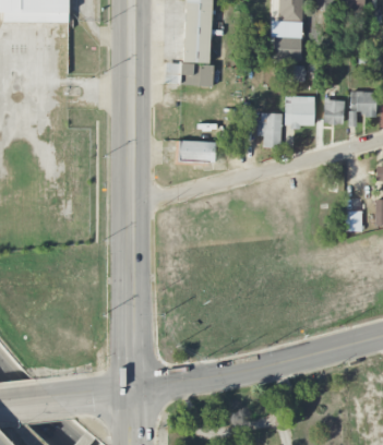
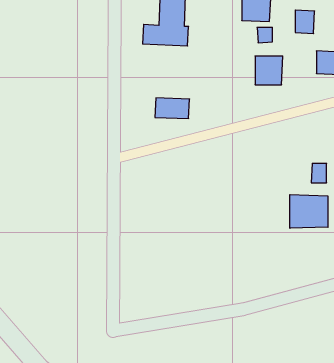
building: [323,99,344,124] -> [295,10,315,34]
building: [258,112,282,148] -> none
building: none -> [290,195,328,228]

